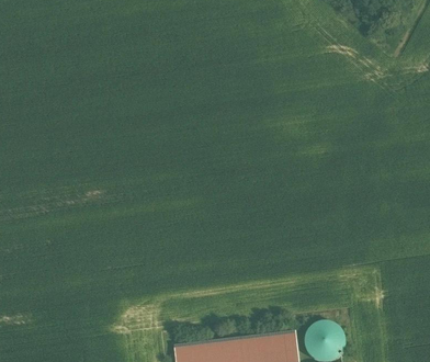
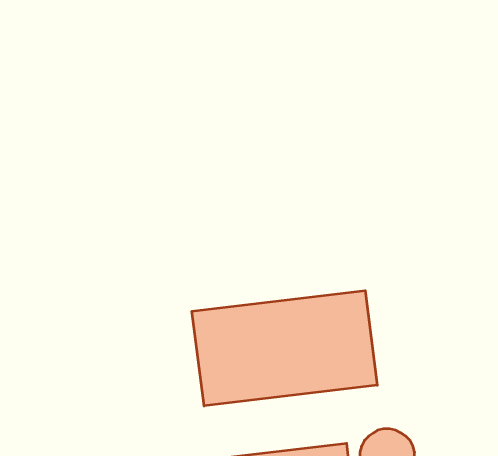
building: none -> [192,291,377,406]

